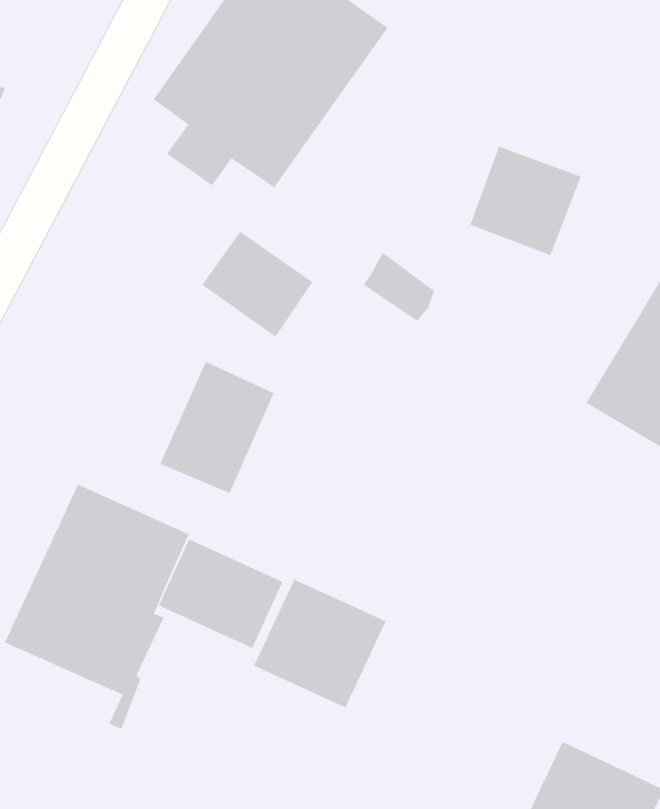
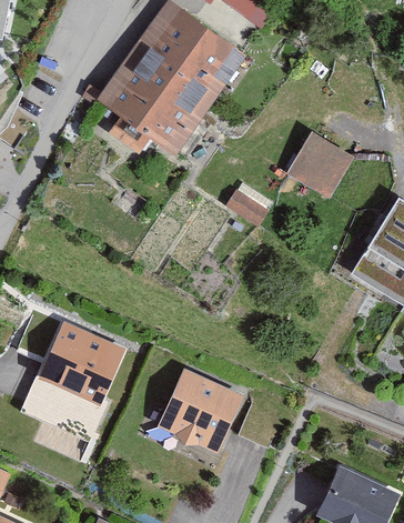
building: [201,231,313,338] -> none
building: [160,361,275,494] -> none
building: [158,538,283,649] -> none

